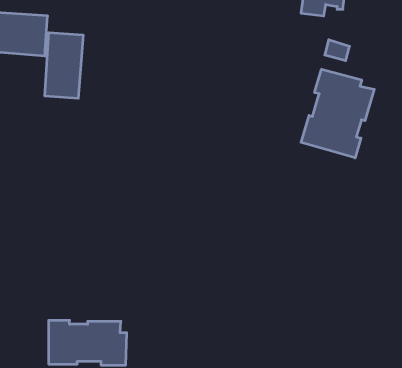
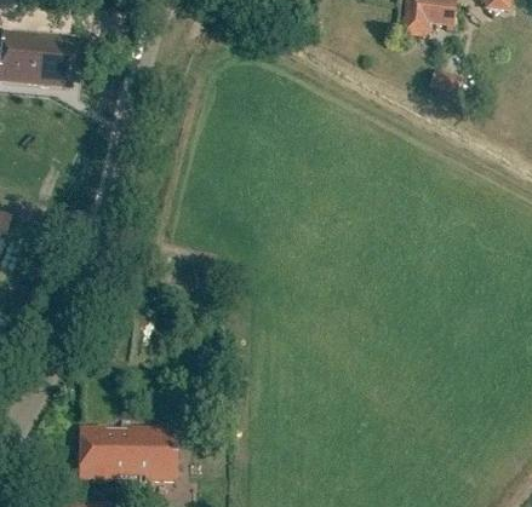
building: [45,33,83,98] -> none
building: [301,69,374,158] -> none

